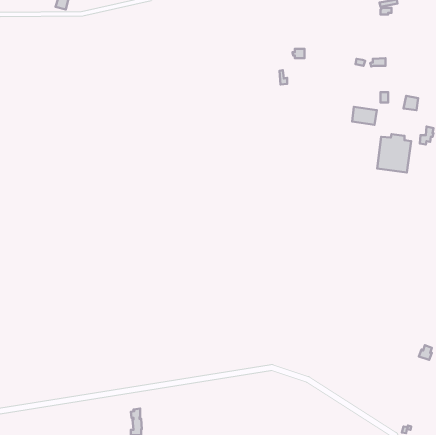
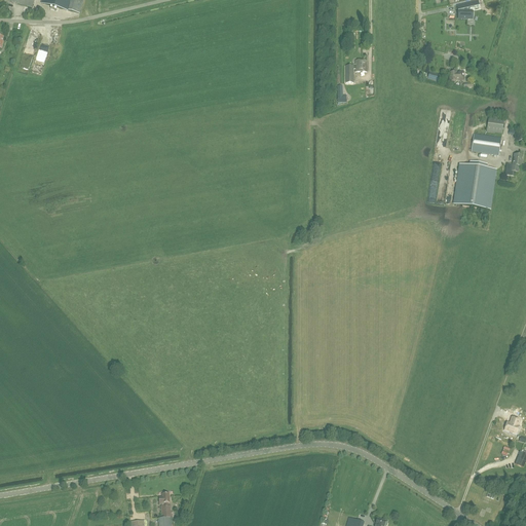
building: [352,107,377,125] -> [471,132,500,153]

